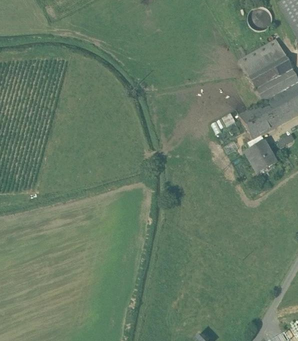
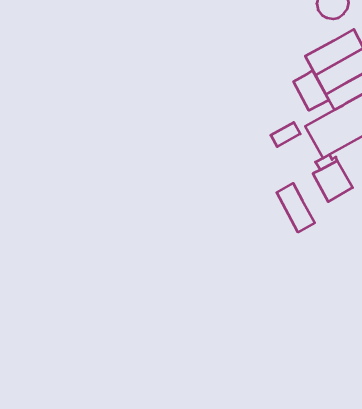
building: none -> [294,71,329,110]
building: none -> [277,183,315,232]

